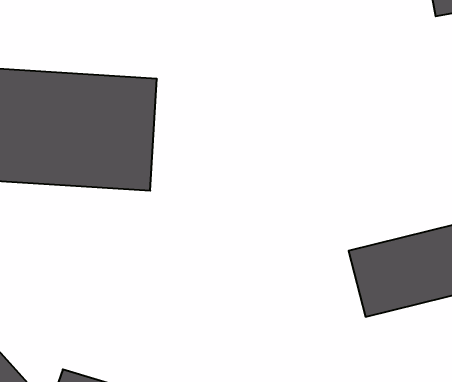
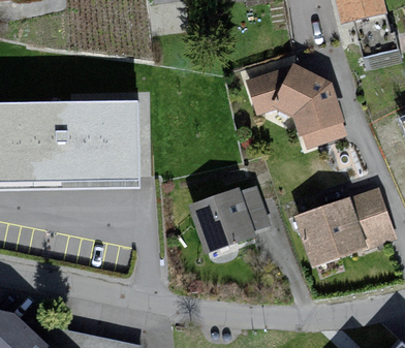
building: none -> [243,69,345,153]
building: none -> [187,189,257,256]

